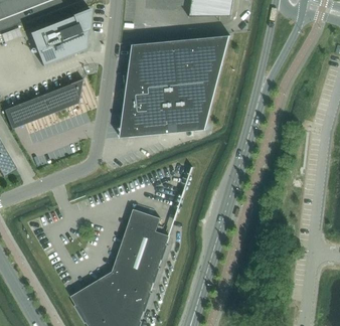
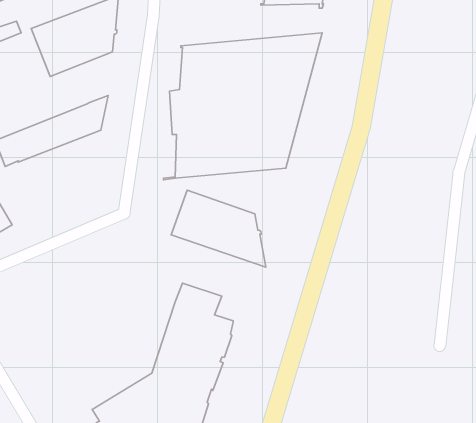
building: none -> [171,190,266,267]

